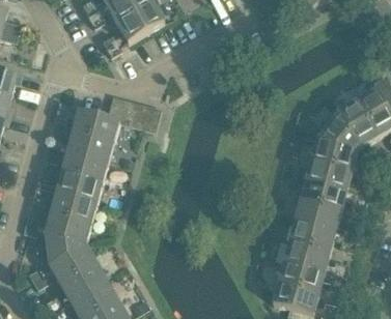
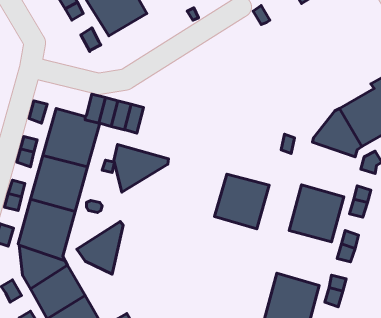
building: [306,139,356,190] -> none
building: none -> [114,145,168,192]
building: none -> [77,222,123,274]
building: [283,221,334,271] -> [214,174,269,229]

